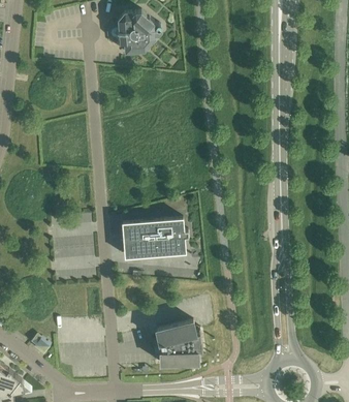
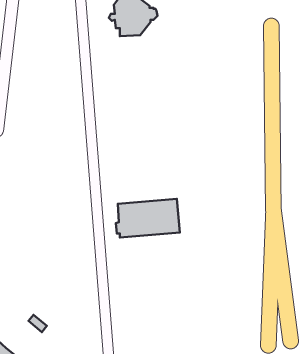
building: [151,319,202,363] -> none

